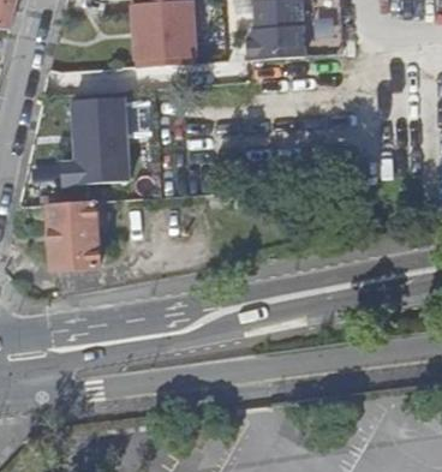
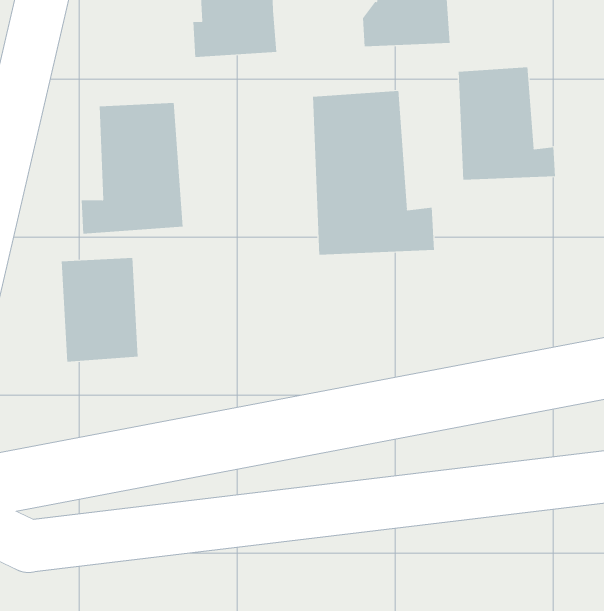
building: none -> [458,67,556,181]
building: none -> [312,90,435,255]

